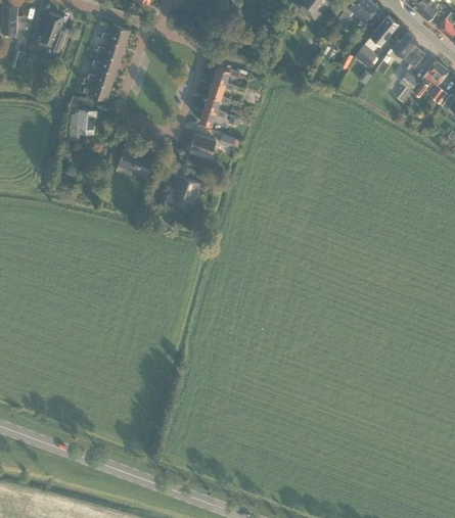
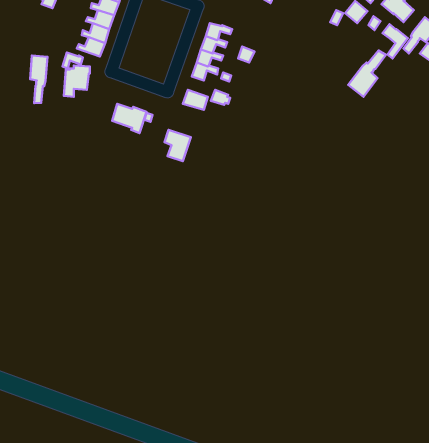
building: none -> [348,51,386,97]
building: none -> [30,55,47,103]

